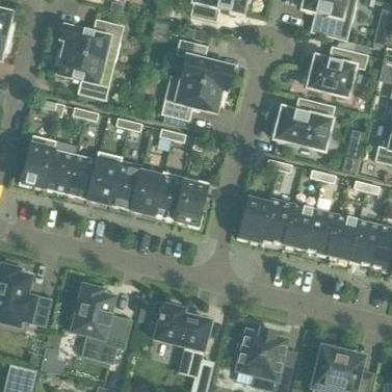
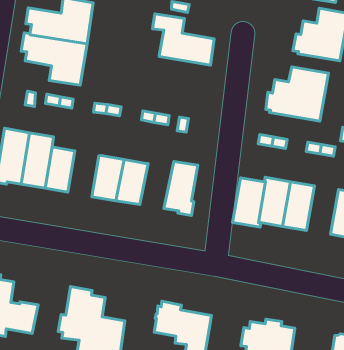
building: [161,76,227,121] -> none
building: [86,151,122,204] -> none
building: [152,171,186,220] -> none
building: [304,209,336,255] -> none

